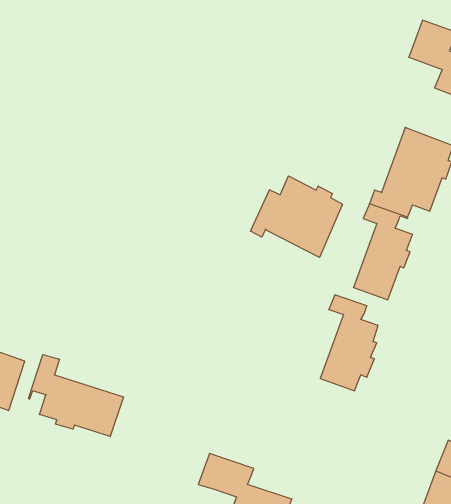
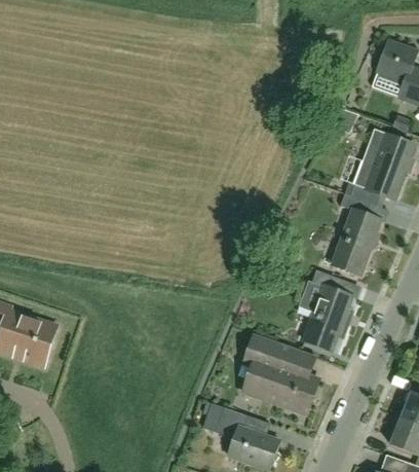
building: [251,176,342,257] -> none
building: [28,355,123,437] -> none
building: none -> [242,335,317,414]

